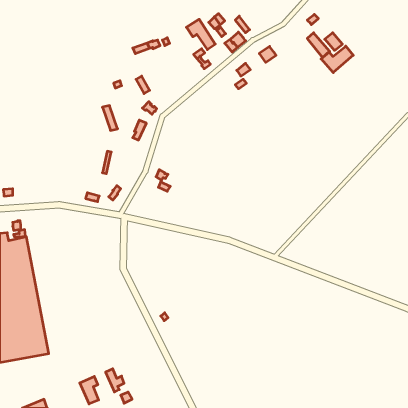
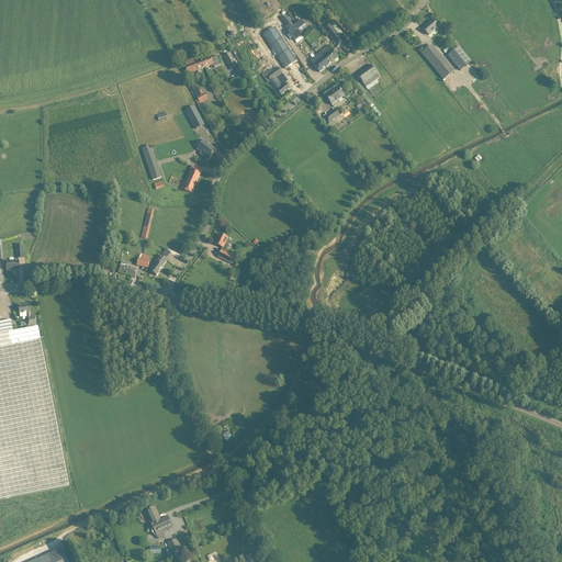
building: [321,46,353,73] -> none
building: [80,376,99,404] -> none

